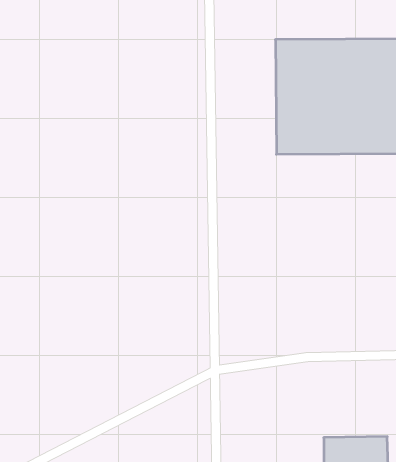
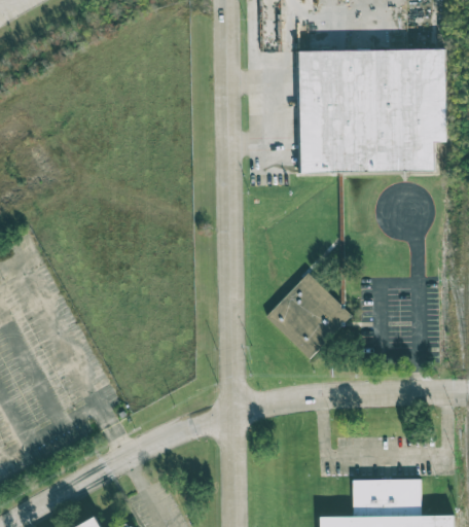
building: none -> [268,270,353,356]

